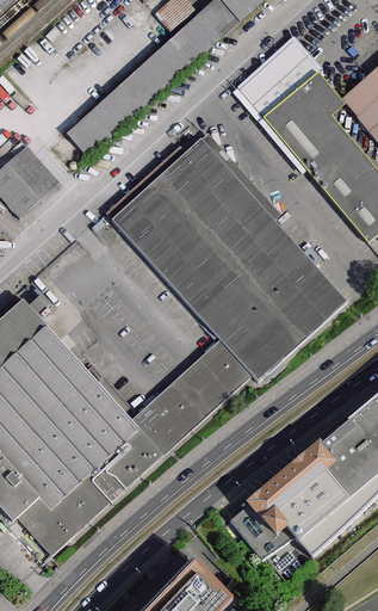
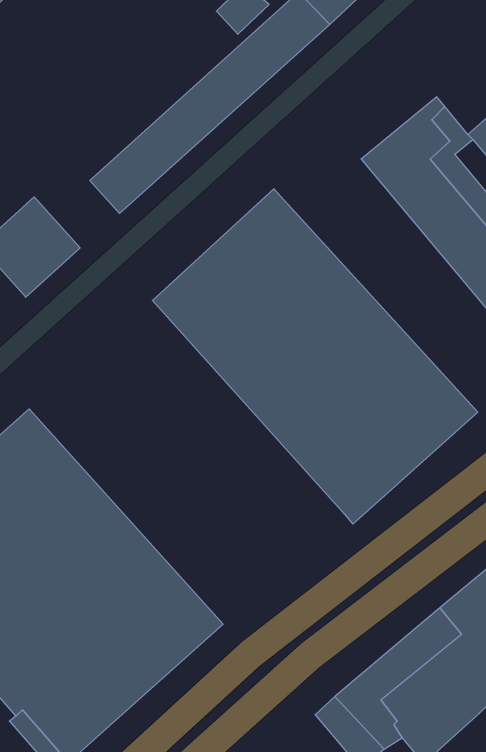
building: [238,41,318,117] -> none
building: [129,339,250,455] -> none

